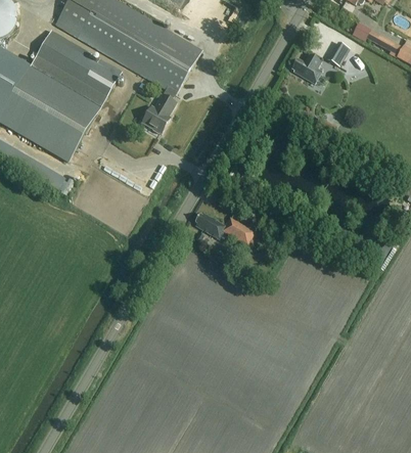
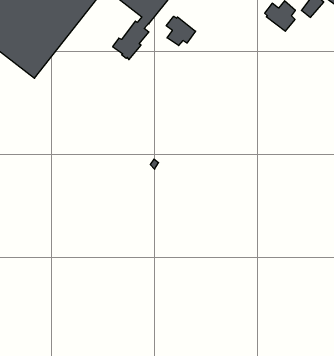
building: none -> [166,16,196,46]
building: [195,212,254,244] -> none

